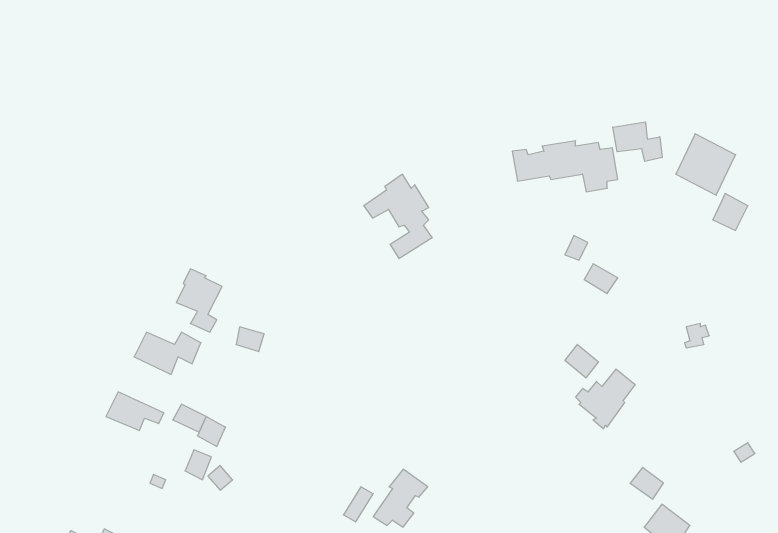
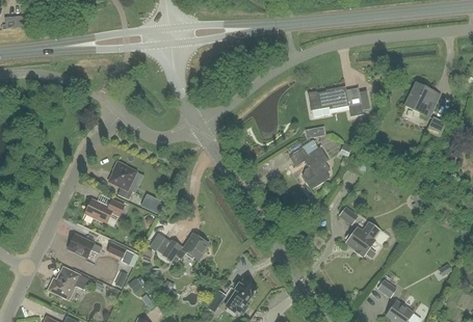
building: [613,122,662,161] -> none
building: [364,174,432,259] -> [290,139,331,189]
building: none -> [163,235,208,260]
building: none -> [48,266,88,299]

